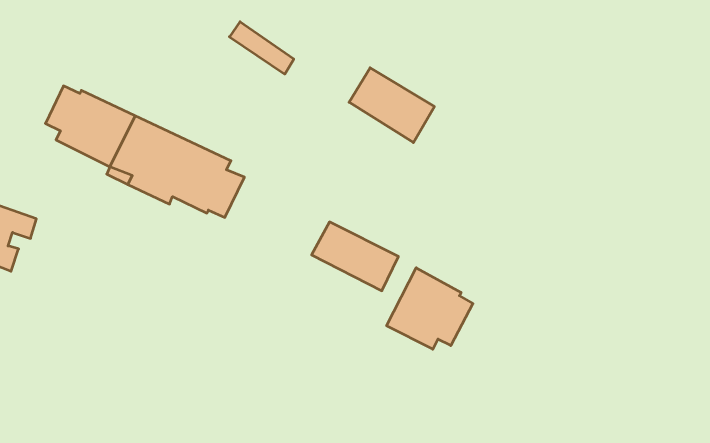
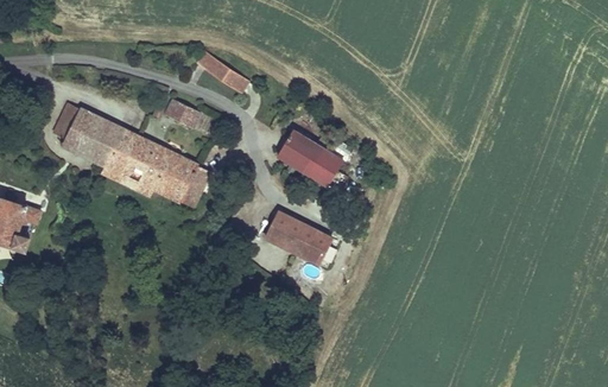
building: [349,68,434,143] -> [276,127,343,186]
building: none -> [164,99,202,128]
building: [387,268,473,349] -> none

